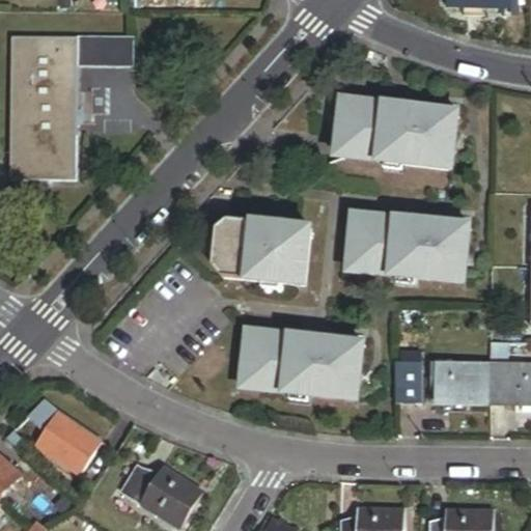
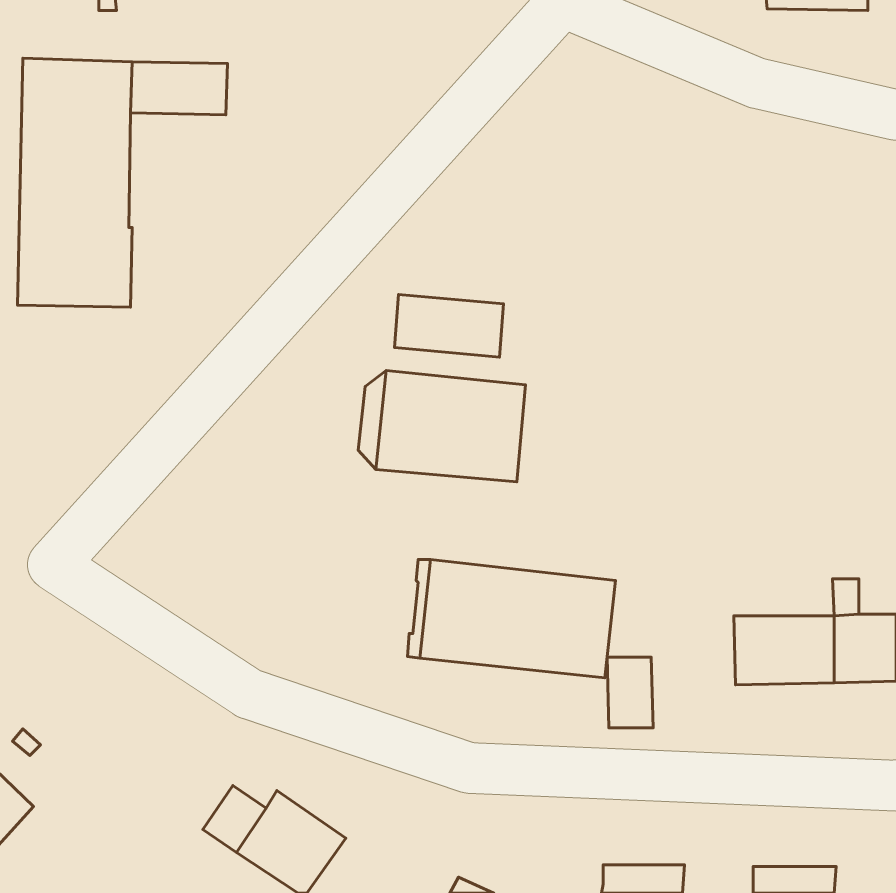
building: [333,96,456,167] -> none
building: none -> [394,294,503,357]
building: [346,213,468,280] -> none
building: [395,360,422,401] -> [607,657,653,728]
building: [30,395,102,469] -> none

